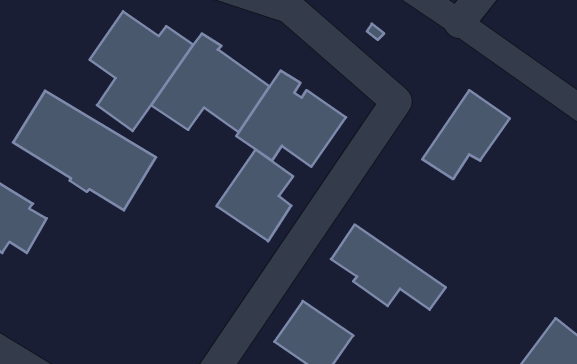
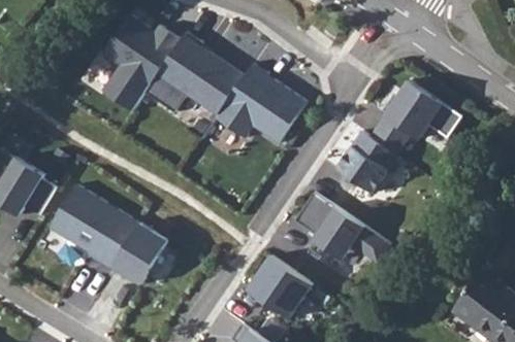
building: [13,91,156,210] -> [49,184,168,284]
building: [217,149,293,241] -> none
building: none -> [336,131,398,193]

